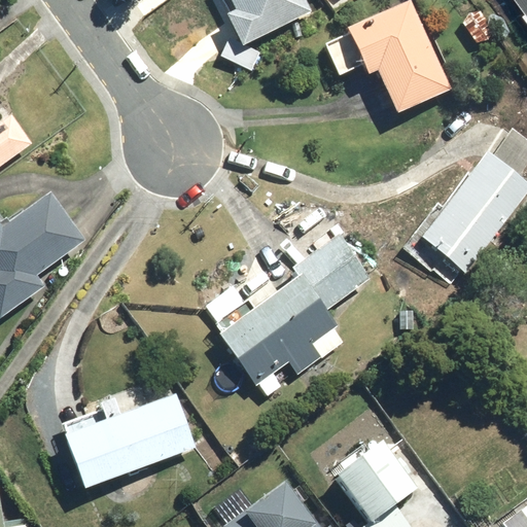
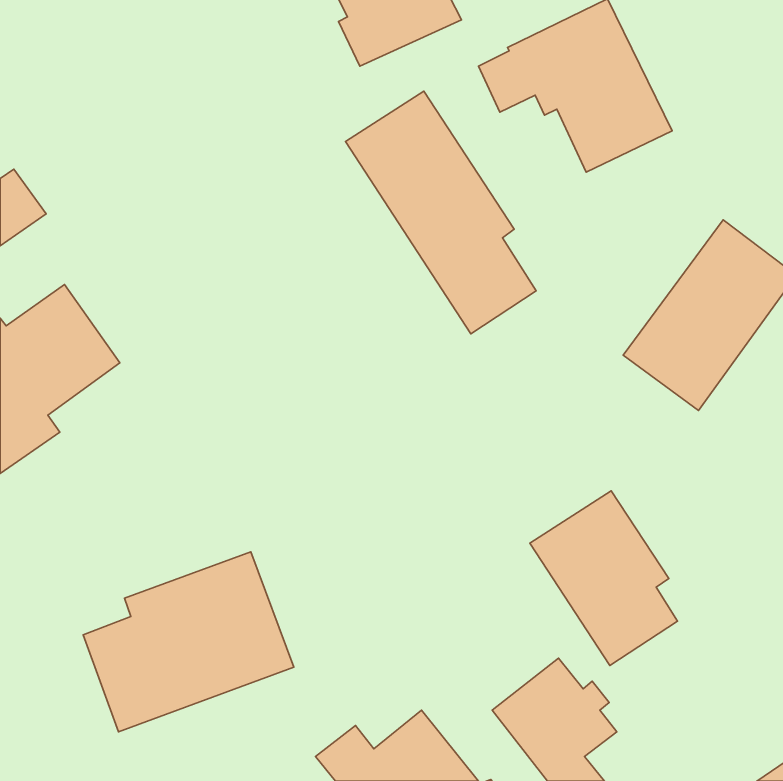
building: none -> [345,91,536,334]
building: [204,234,372,397] -> none
building: none -> [530,491,678,666]

